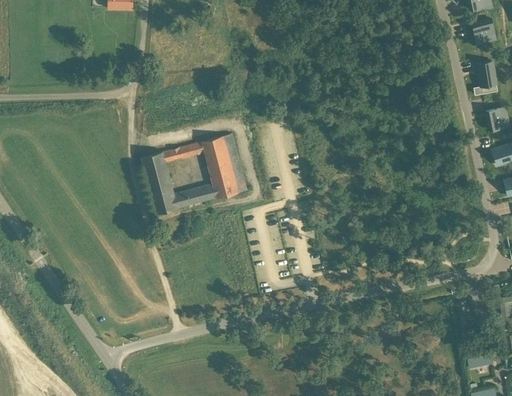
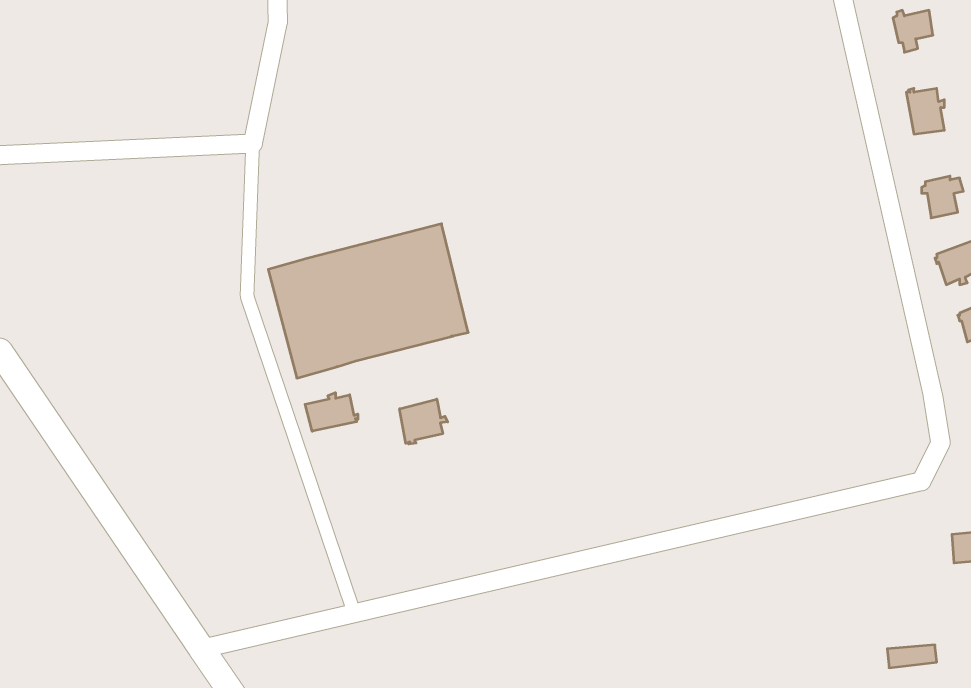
building: none -> [305,393,358,431]
building: none -> [400,399,448,444]

